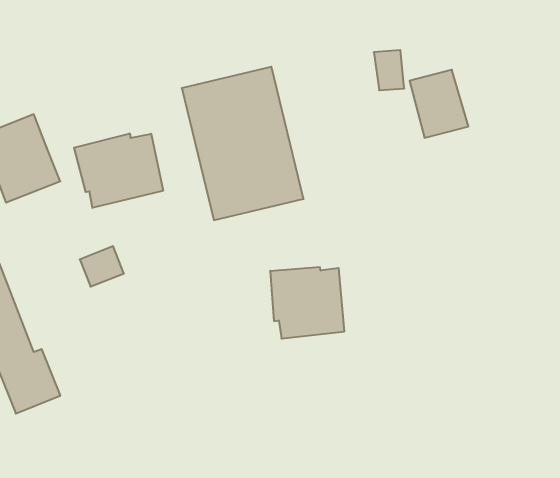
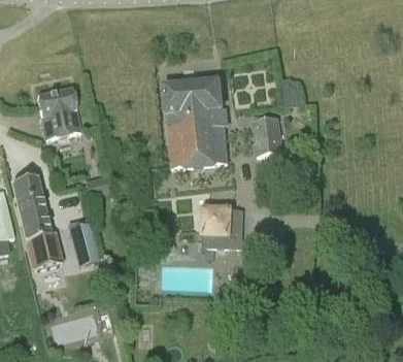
building: [410,70,468,138] -> [251,114,283,154]
building: [74,133,163,208] -> none
building: none -> [69,220,101,264]

